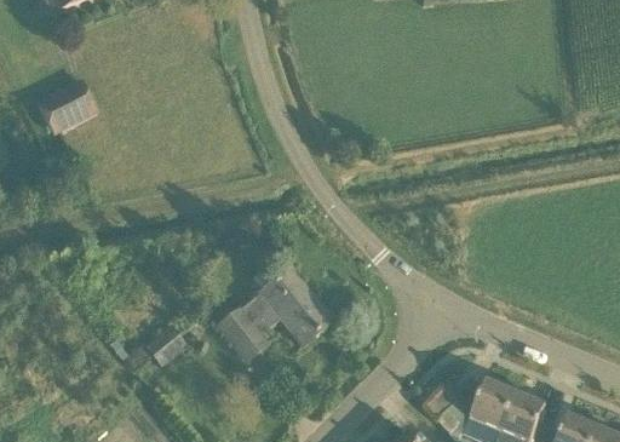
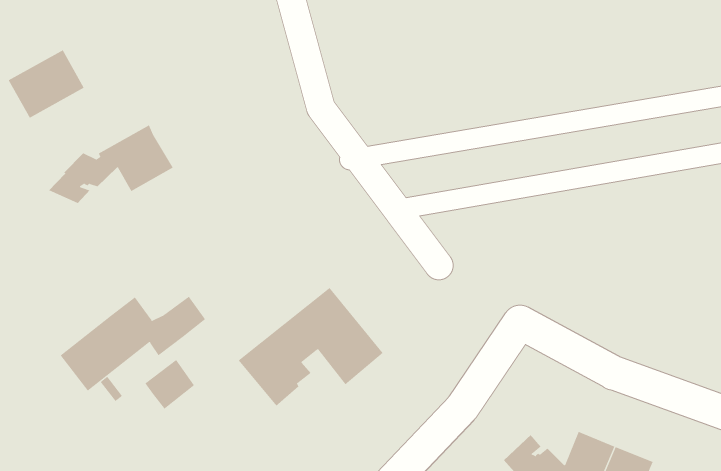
building: none -> [48,124,173,204]
building: none -> [60,296,206,392]

